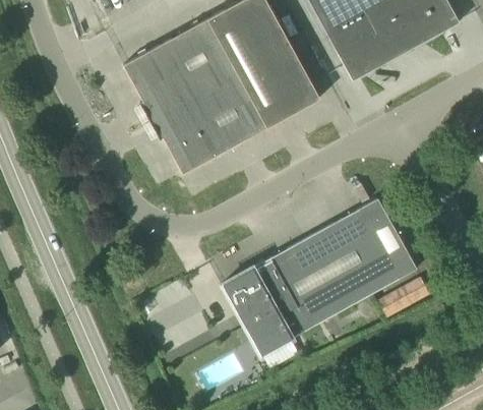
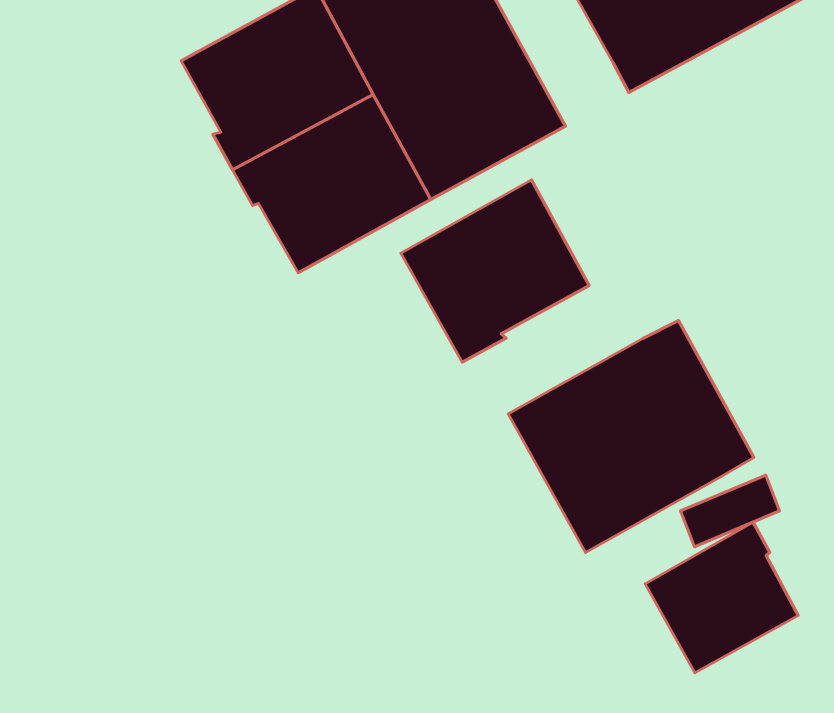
building: none -> [401,180,589,362]
building: [222,245,330,355] -> none
building: none -> [645,522,798,673]

